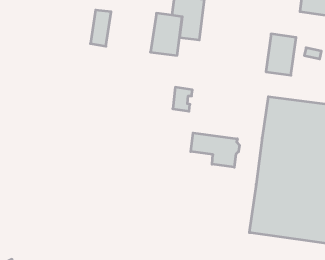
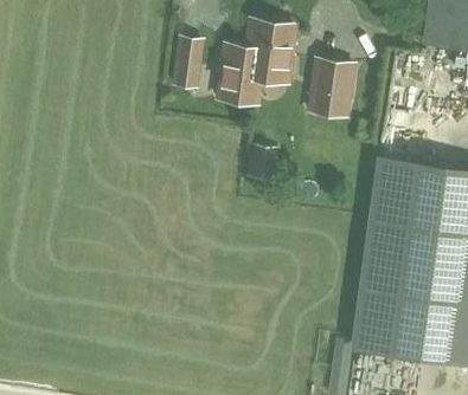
building: [90,10,111,46] -> [174,39,203,89]
building: [266,34,296,75] -> [310,60,352,117]
building: [191,133,239,167] -> none

